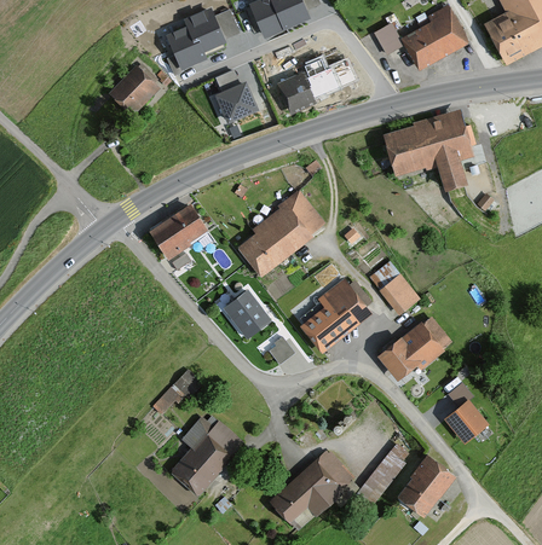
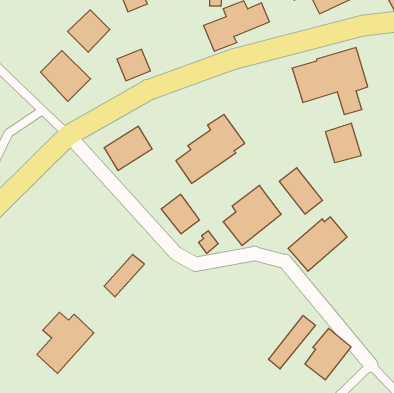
building: [214,81,255,120] -> [117,49,150,81]
building: none -> [41,51,91,101]
building: none -> [326,123,361,163]
building: [443,398,488,442] -> none
building: [172,418,242,493] -> [37,312,94,373]
building: [267,448,354,522] -> none

